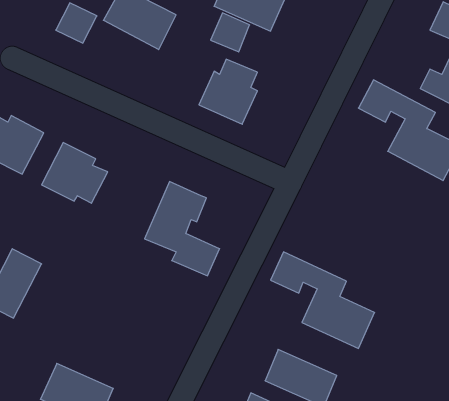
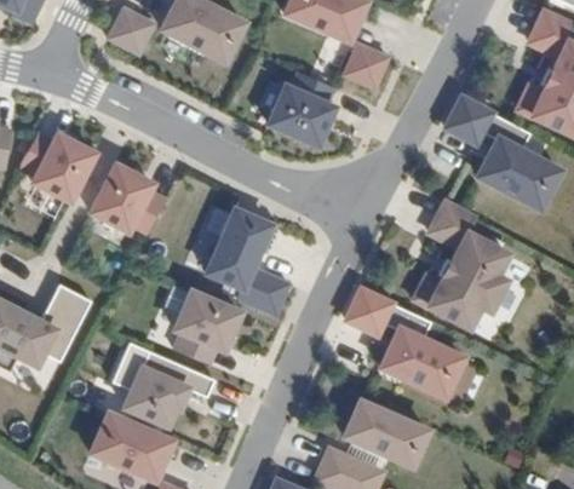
building: [211,13,250,52] -> [345,46,389,90]
building: none -> [413,200,504,324]
building: none -> [176,293,241,366]
building: none -> [122,350,212,422]

